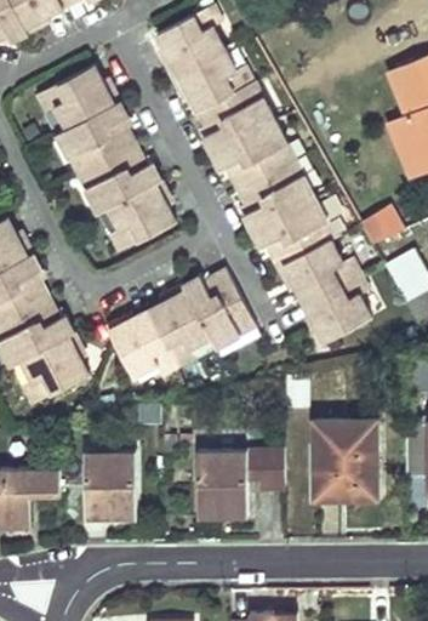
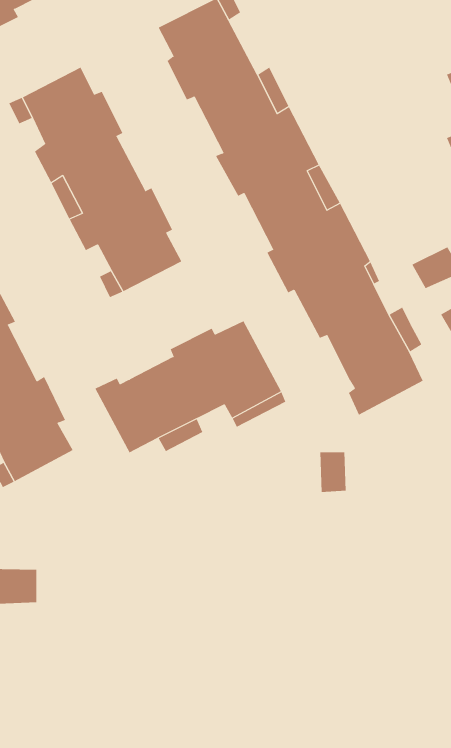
building: [314,421,375,498] -> none
building: [196,450,284,518] -> none
building: [84,451,135,519] -> none

